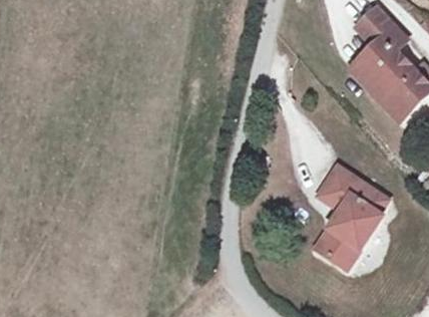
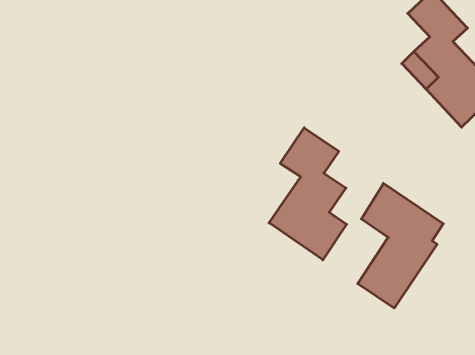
building: none -> [269,128,347,260]

